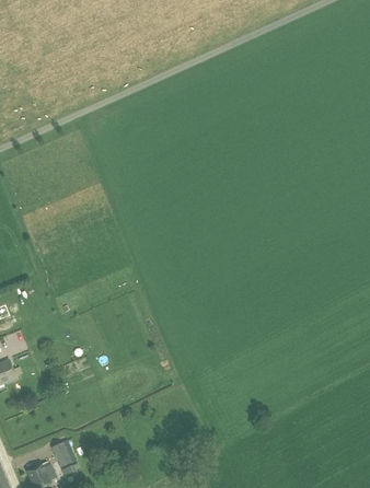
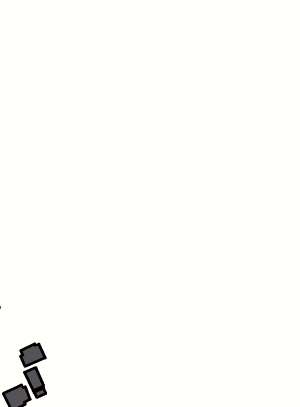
building: none -> [21,344,45,366]

